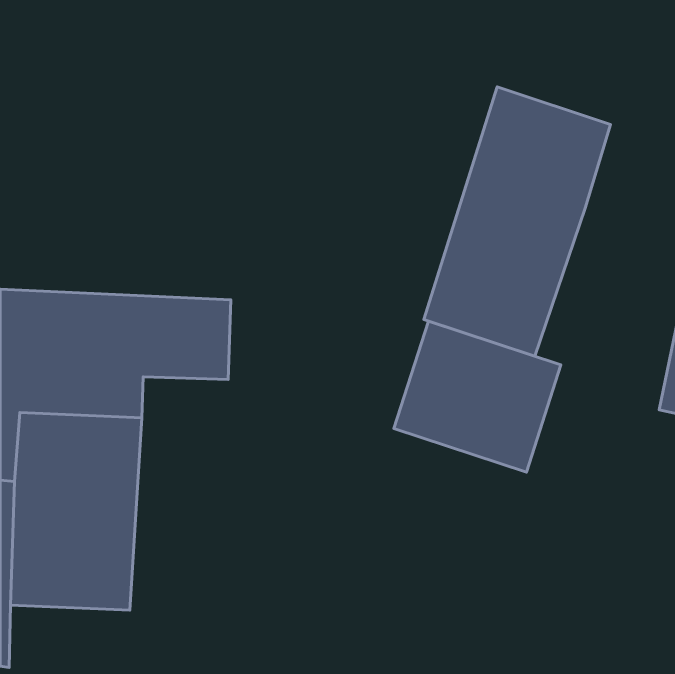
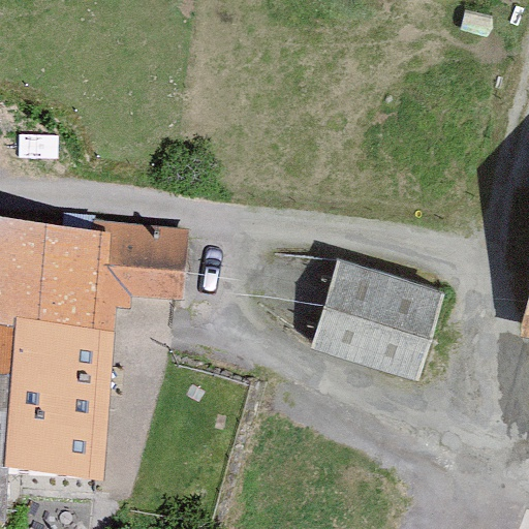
building: [424,87,610,356] -> none

